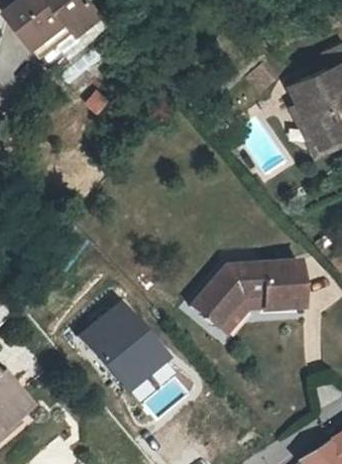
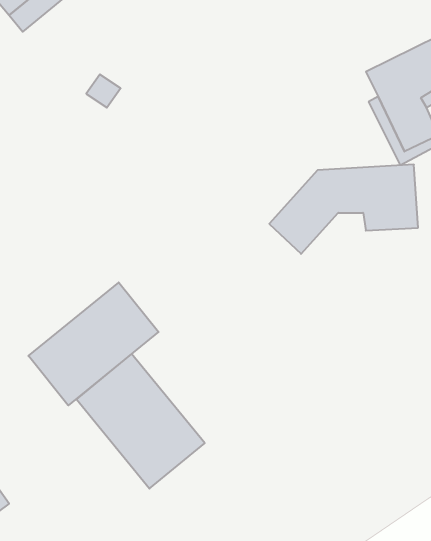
building: none -> [28,282,159,405]
building: [192,261,301,327] -> [269,165,418,254]

